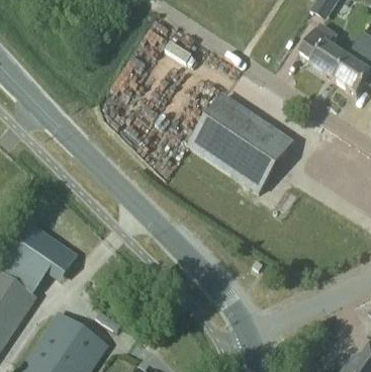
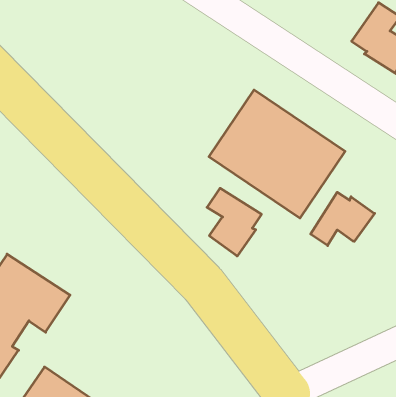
building: none -> [207,188,261,256]
building: none -> [311,192,375,246]

